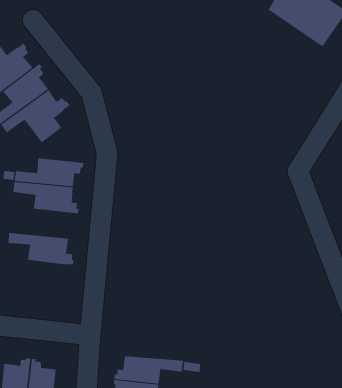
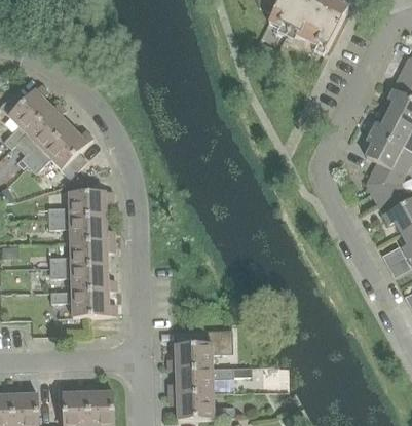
building: none -> [49,241,115,268]
building: none -> [50,292,117,317]
building: none -> [167,331,233,371]

